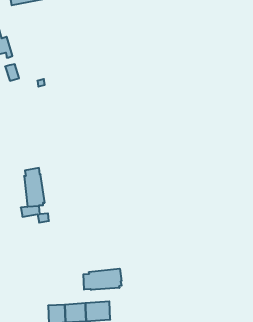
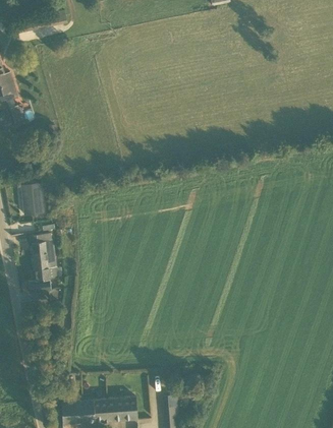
building: none -> [21,185,43,217]
building: [83,269,122,290] -> none

